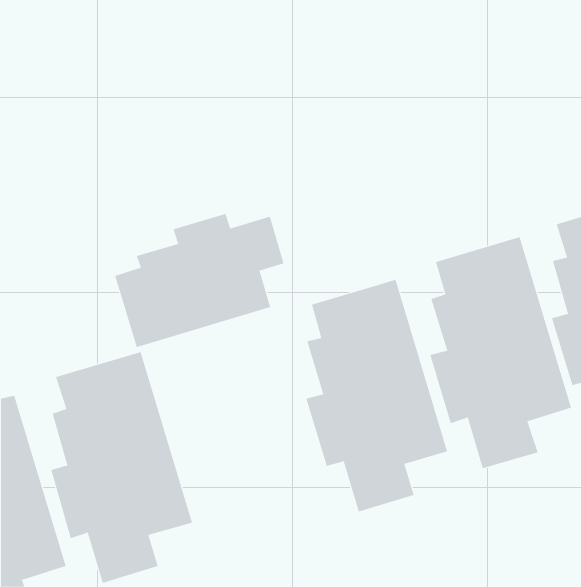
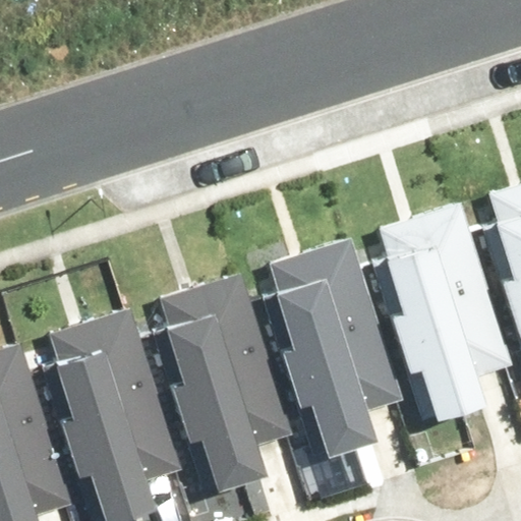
building: [115,213,284,348] -> none
building: none -> [165,277,291,483]

